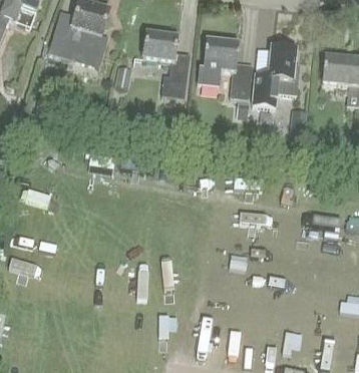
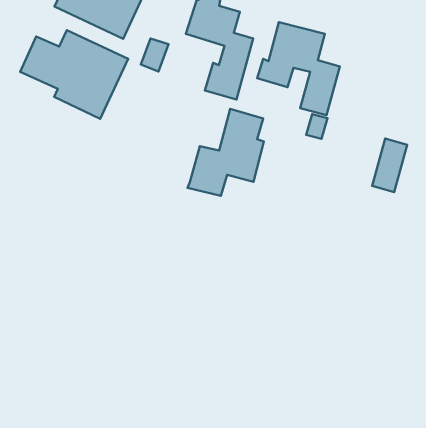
building: [251,45,299,106] -> [188,109,264,196]
building: none -> [20,30,128,119]

